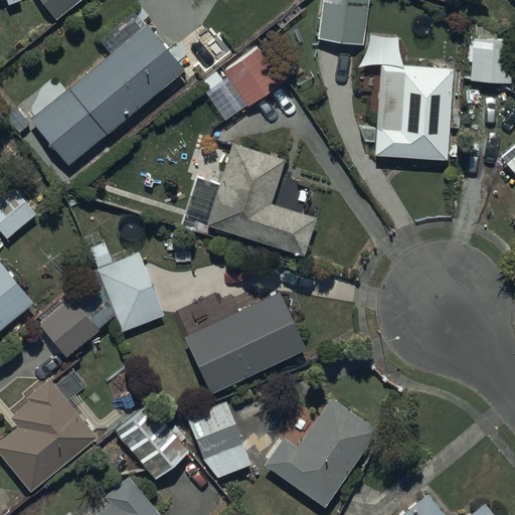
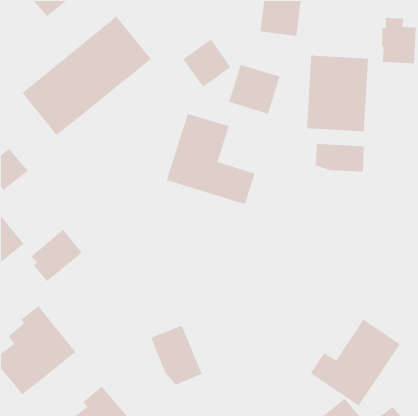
building: none -> [228,64,280,115]
building: none -> [315,143,364,172]
building: [90,242,163,332] -> none
building: [183,291,305,392] -> none
building: [265,396,376,504] -> [310,319,401,406]
building: [114,402,187,478] -> none

